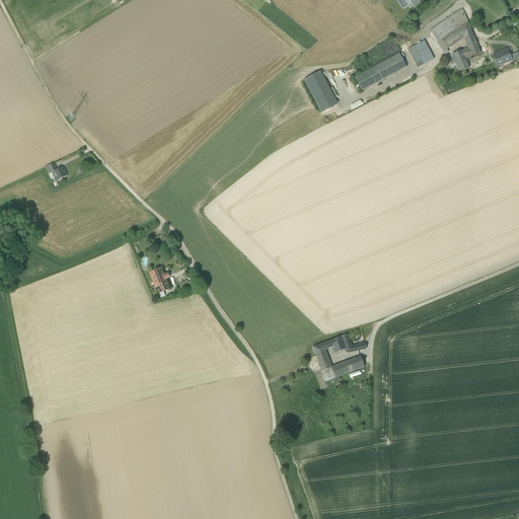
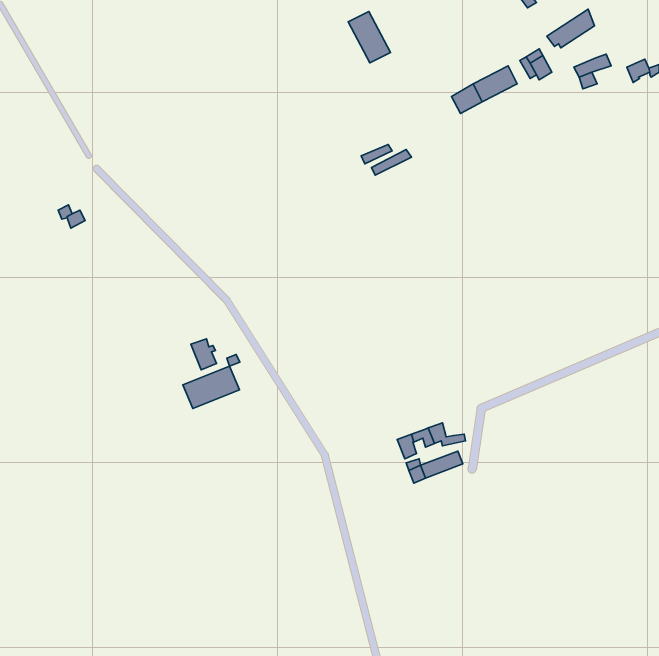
building: [437,20,475,53] -> none
building: [304,70,338,110] -> [348,11,391,63]
building: none -> [183,366,239,408]

